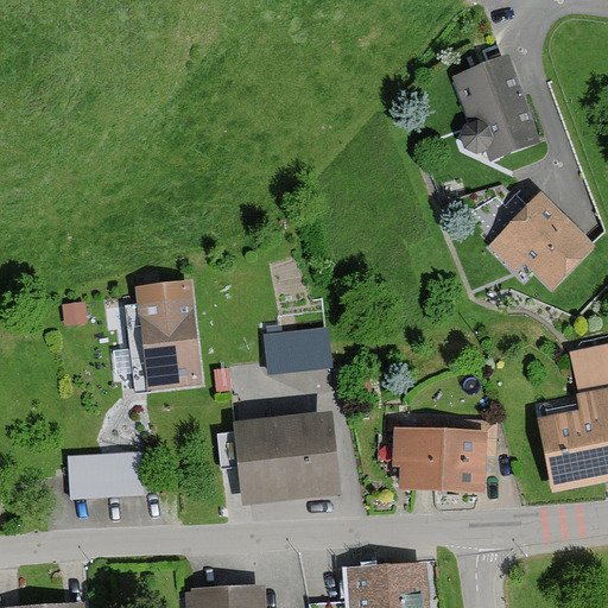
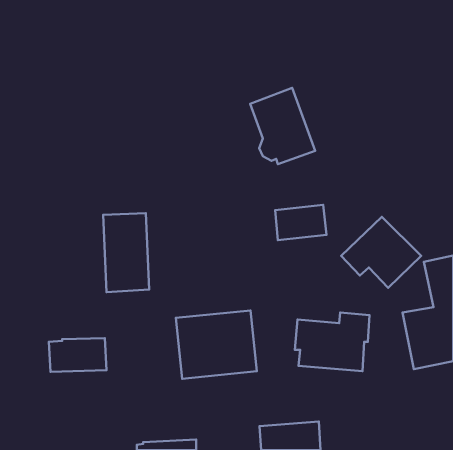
building: [449,51,536,153] -> [250,88,315,164]
building: [486,190,593,285] -> [341,217,421,288]
building: [262,322,331,369] -> [275,205,327,240]

